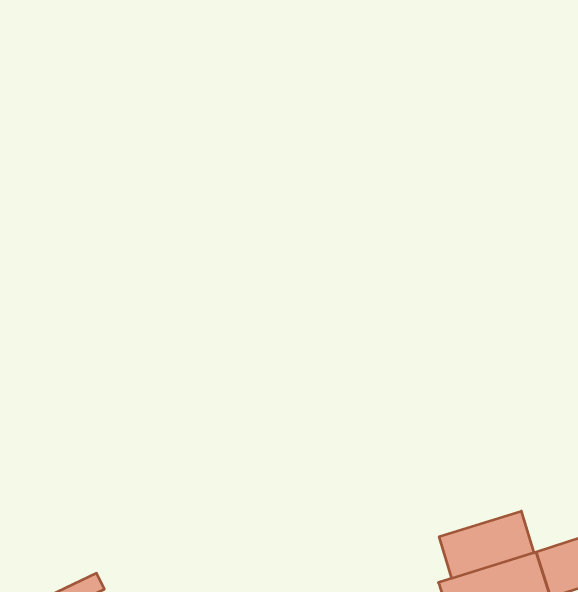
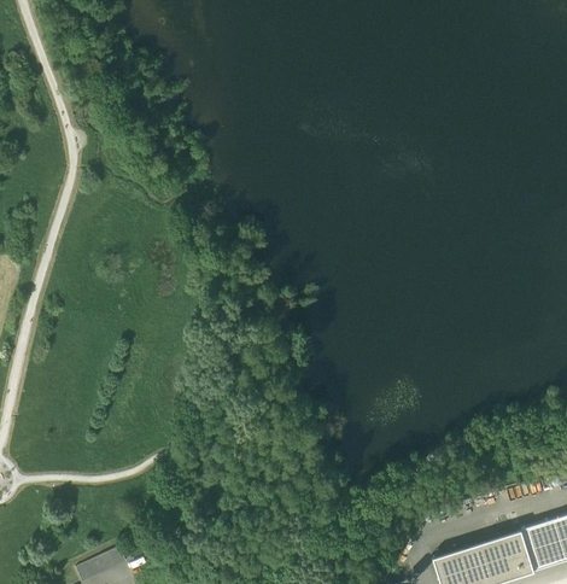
building: [439,511,534,578] -> none

